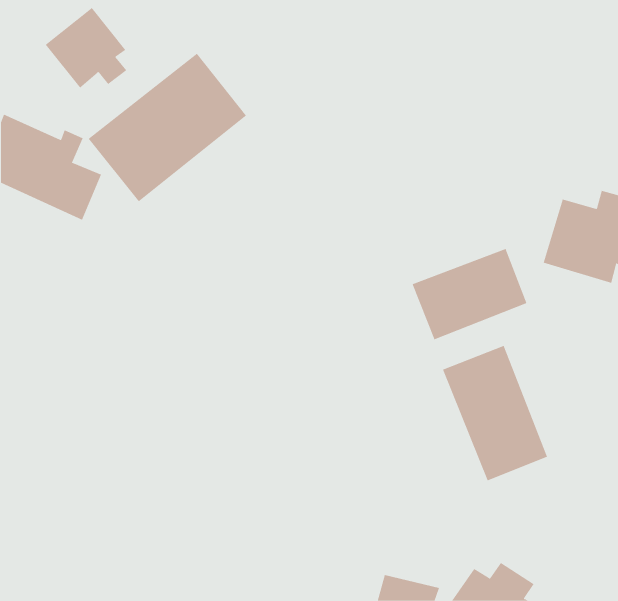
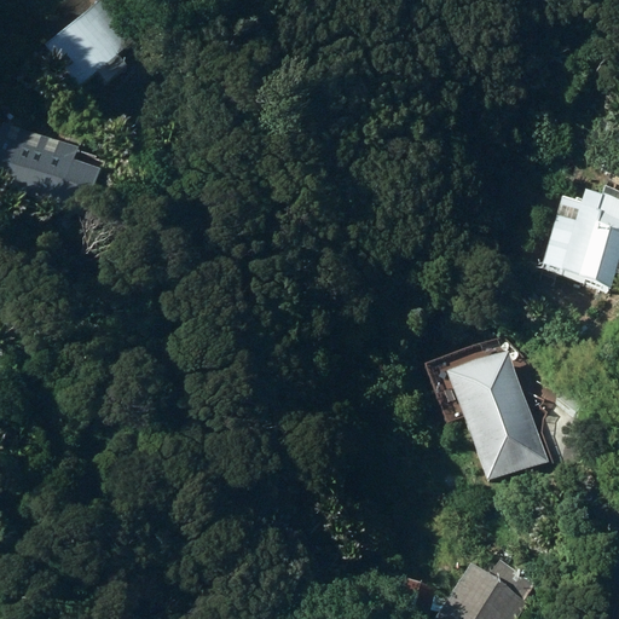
building: [88,53,247,202] -> none
building: [412,248,527,340] -> none

